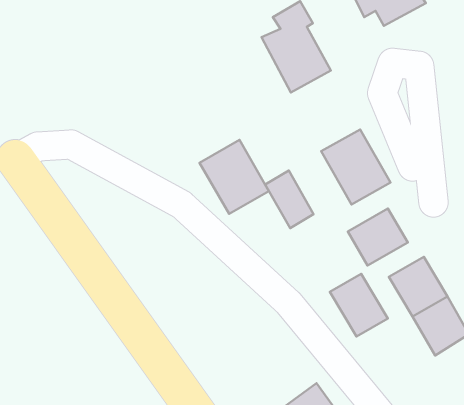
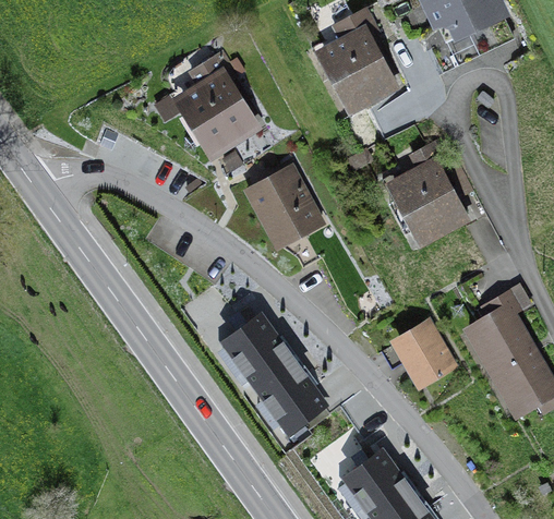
building: none -> [173,51,258,158]
building: [265,170,314,228] -> none
building: [348,208,408,266] -> none
building: none -> [217,313,325,433]

